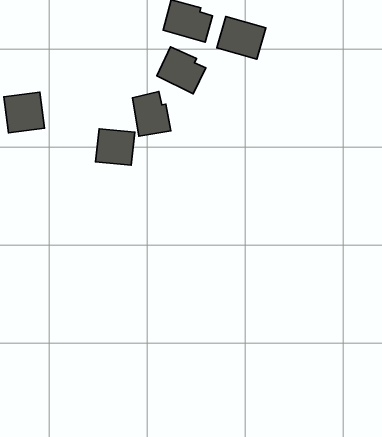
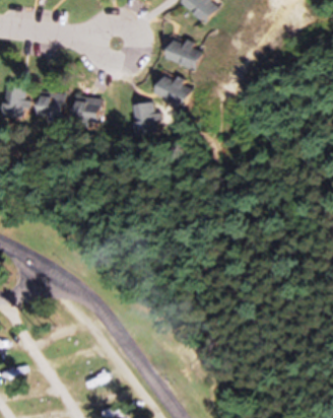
building: [217,17,266,59] -> none
building: [95,129,135,165] -> [70,93,103,124]

